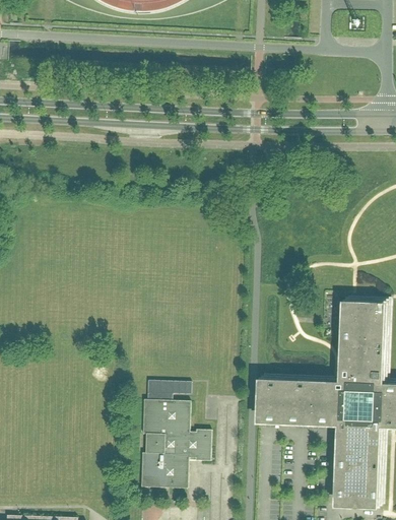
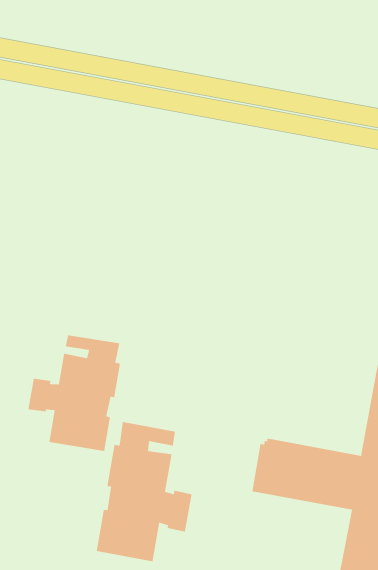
building: none -> [28,335,121,452]

